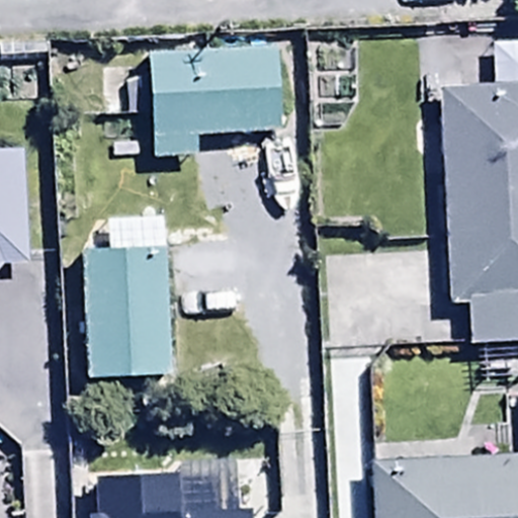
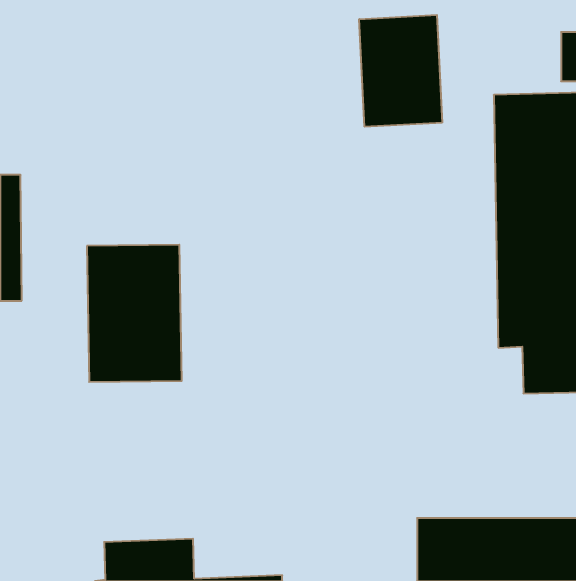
building: none -> [359,15,442,127]
building: [150,50,282,160] -> none

